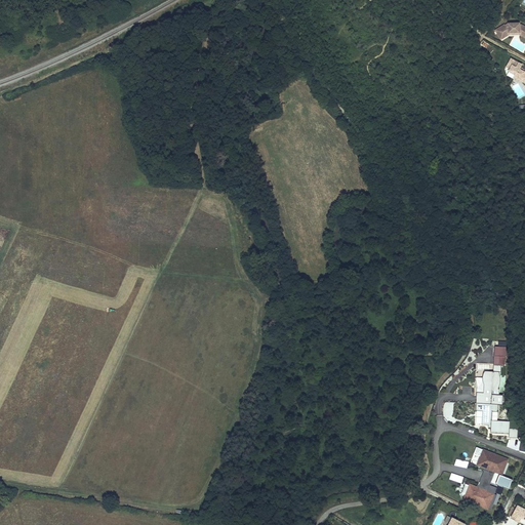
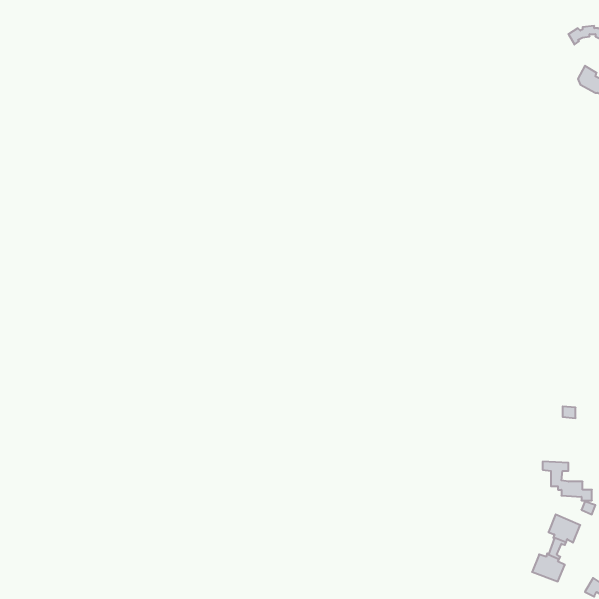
building: [475,370,502,404] -> none

